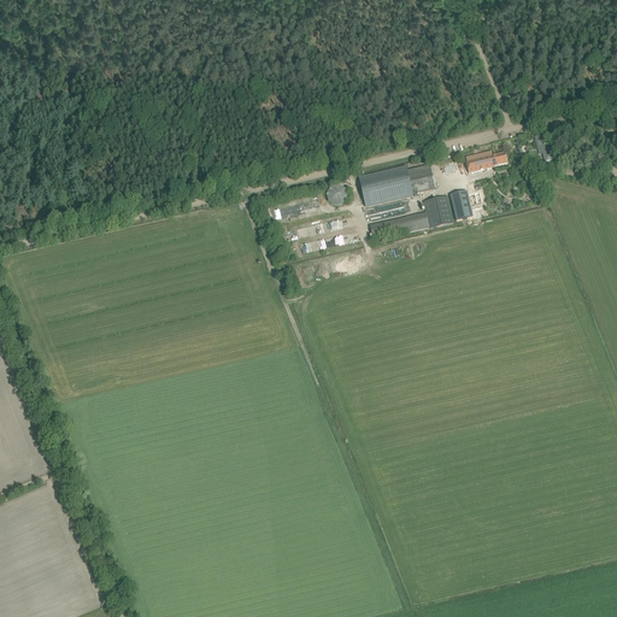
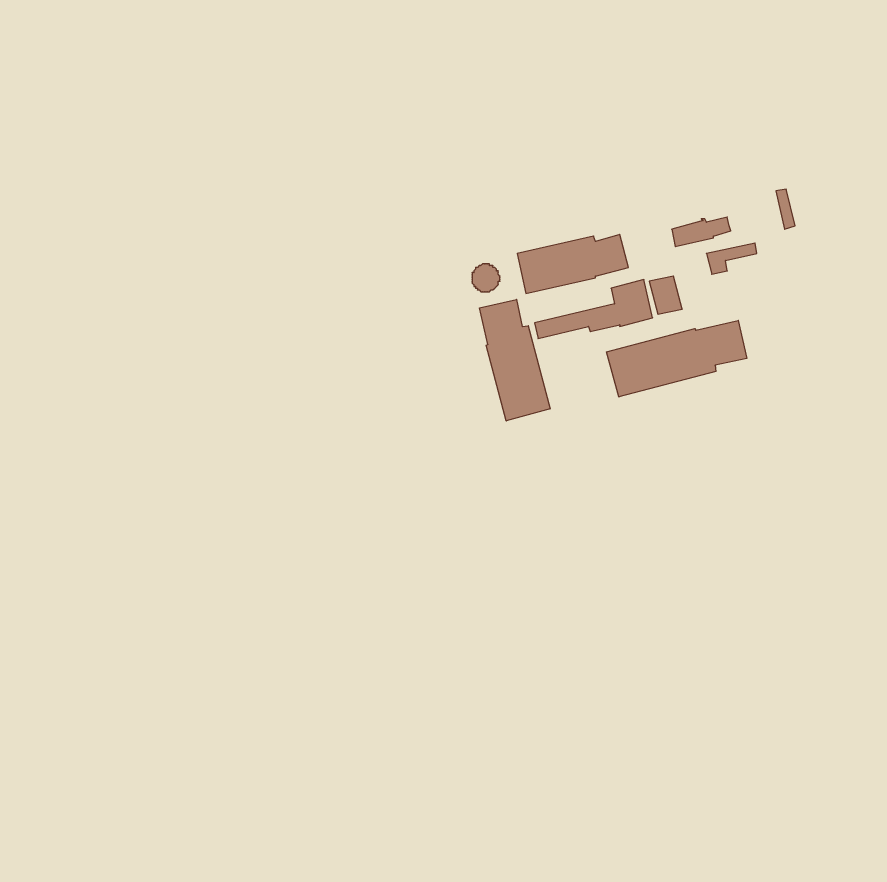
building: none -> [480,299,550,421]
building: none -> [607,320,747,397]

